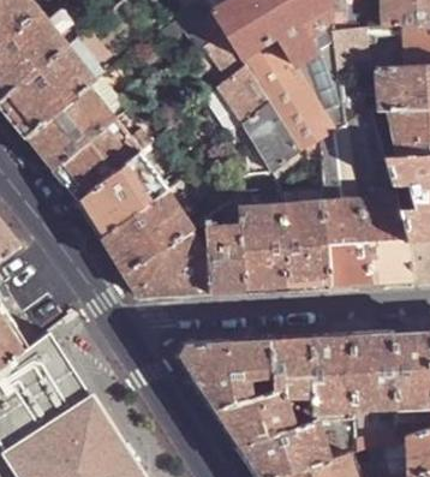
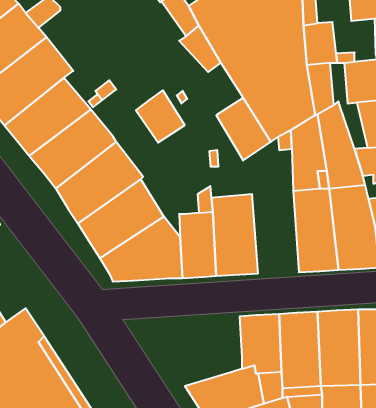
building: [223,76,274,130] -> [136,90,185,143]
building: [283,208,332,293] -> none
building: [177,338,273,410] -> none

